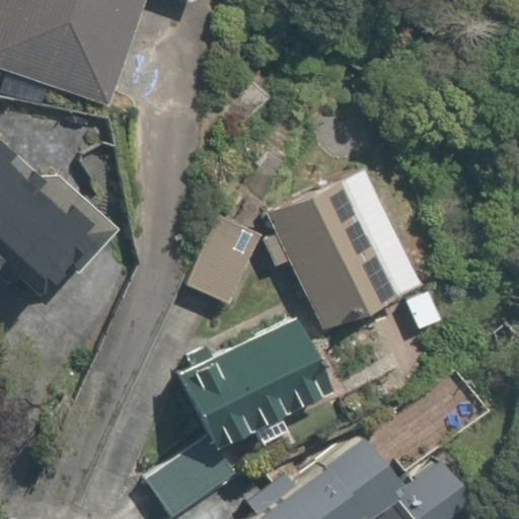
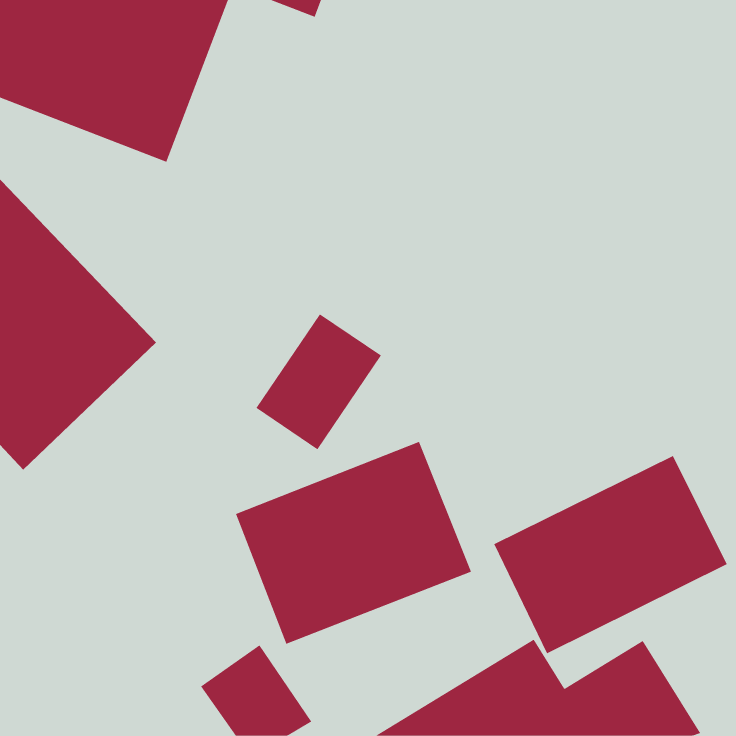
building: [260,153,436,349] -> none
building: none -> [493,455,728,654]

